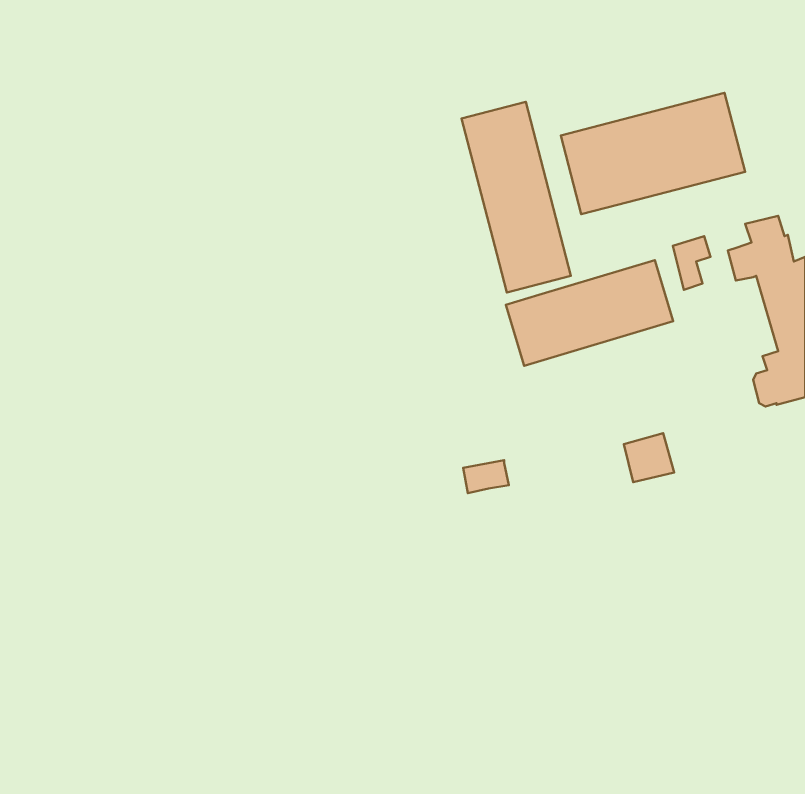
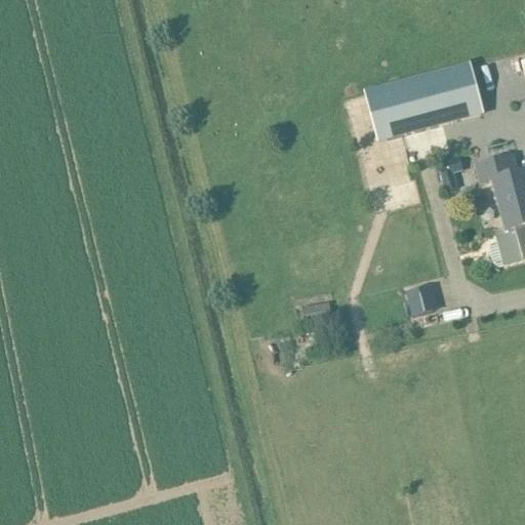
building: [462,102,571,292] -> none
building: [506,260,673,366] -> none

